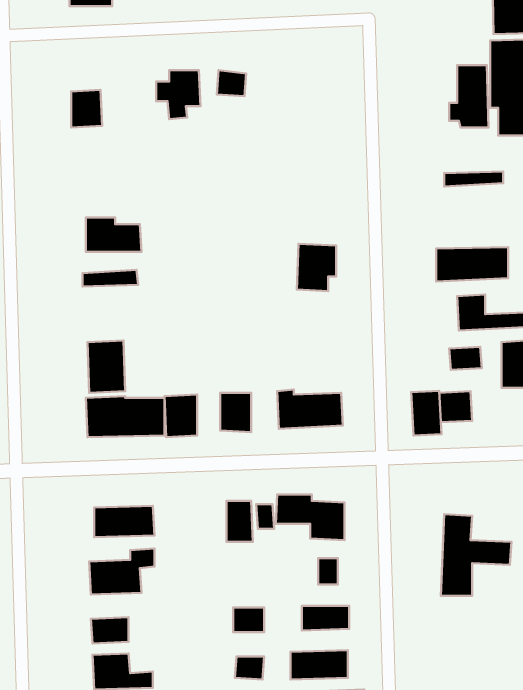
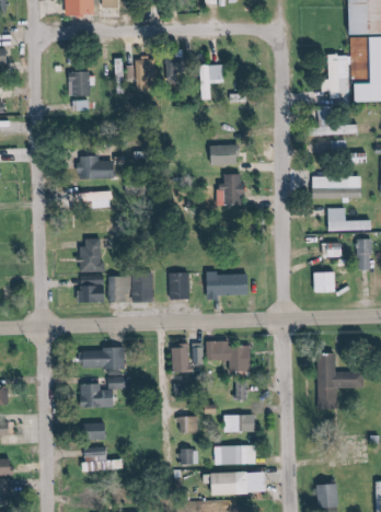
building: none -> [199,65,222,98]
building: none -> [211,144,240,164]
building: [411,391,442,435] -> none

